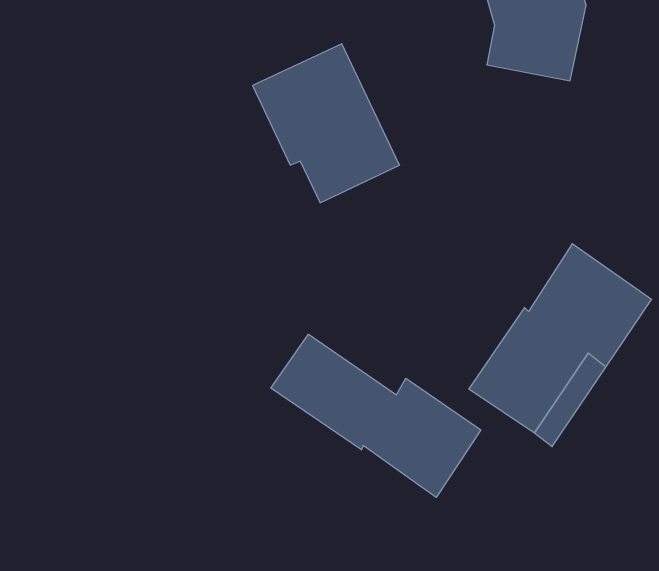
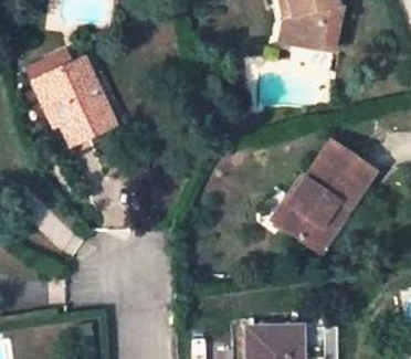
building: [253,44,400,203] -> [34,59,116,147]
building: [271,334,481,497] -> none

